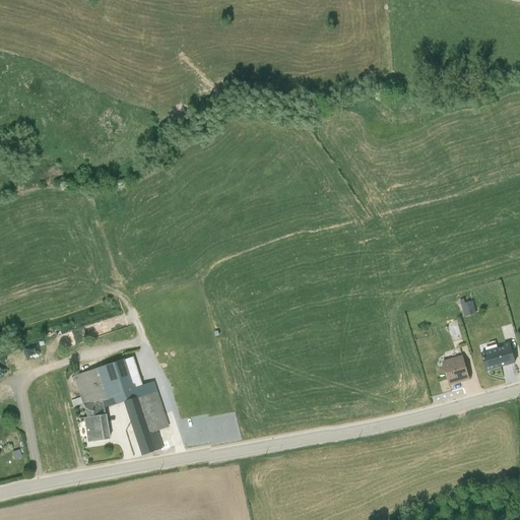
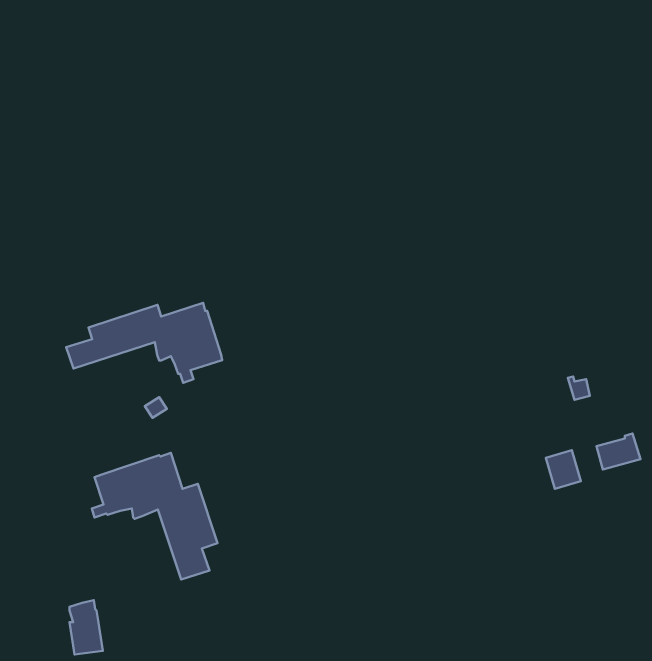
building: none -> [66,303,222,383]
building: [84,399,111,442] -> [69,600,103,655]

